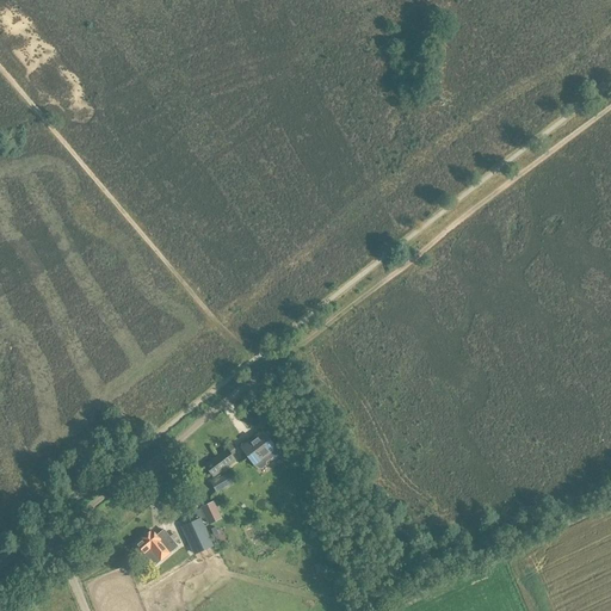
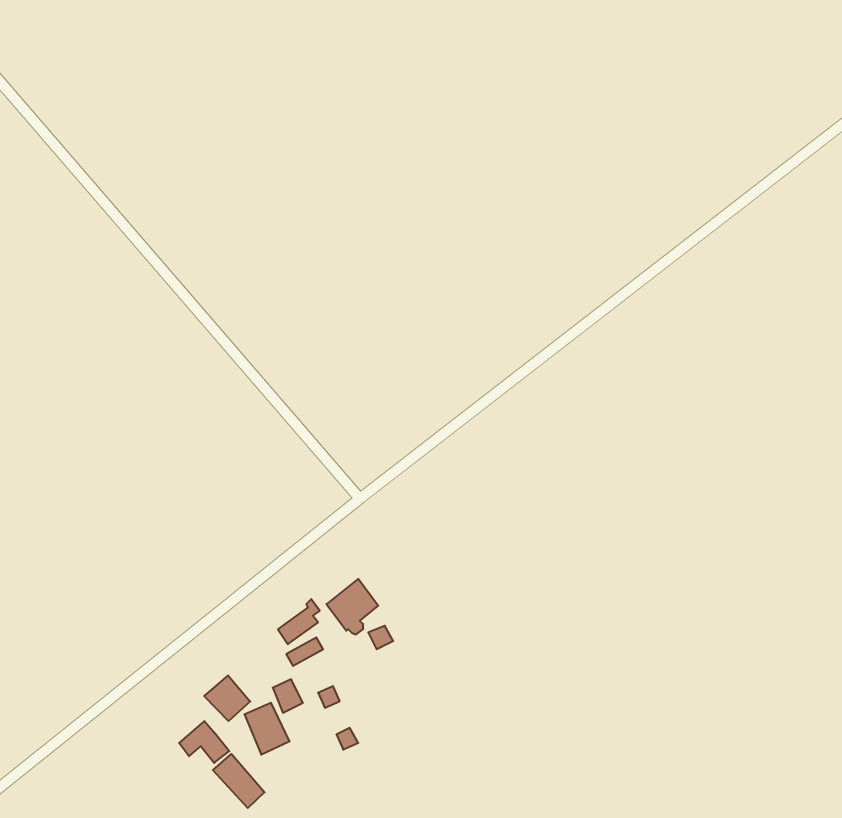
building: none -> [204,675,250,721]
building: none -> [213,754,265,808]

